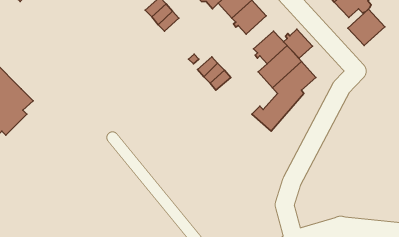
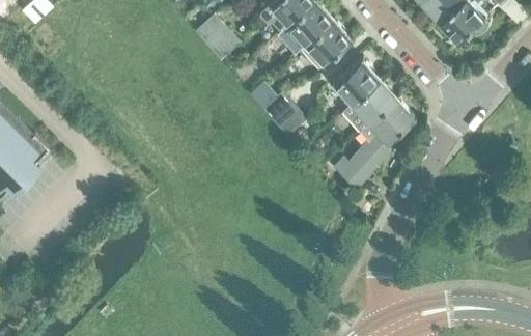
building: [348,9,385,45] -> none
building: [283,29,312,58] -> none

